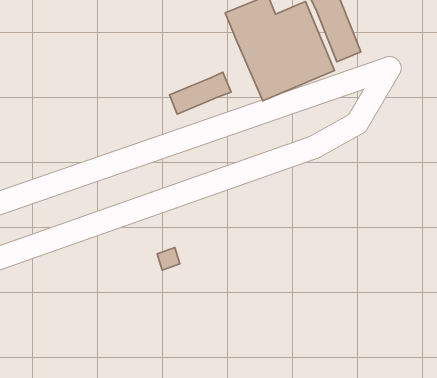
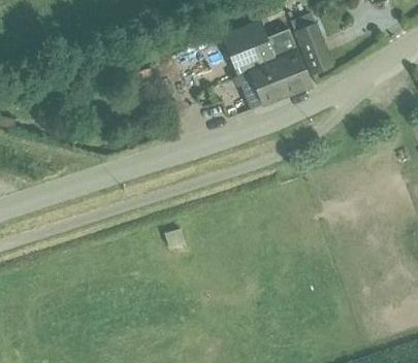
building: [169,72,231,114] -> none

